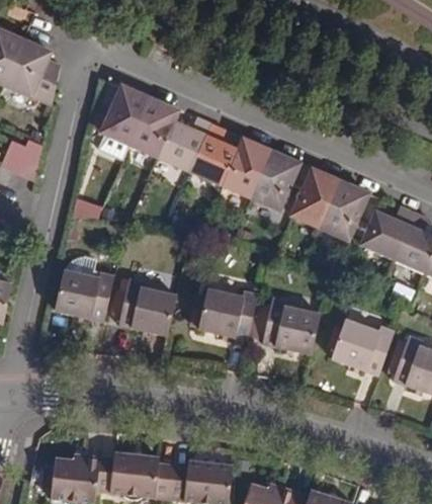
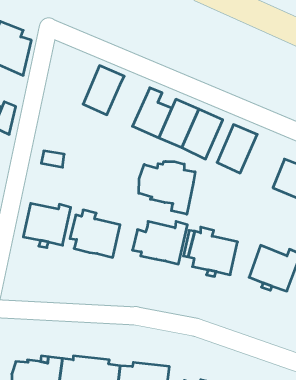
building: [97,83,147,144] -> none
building: [156,116,208,171] -> none
building: [320,181,368,242] -> none
building: none -> [139,161,195,214]

